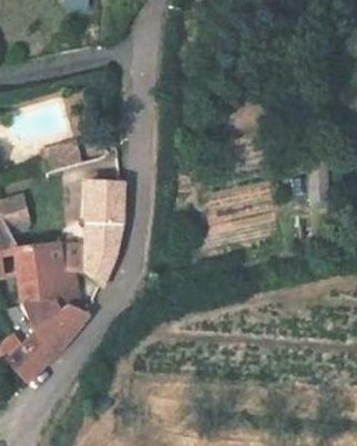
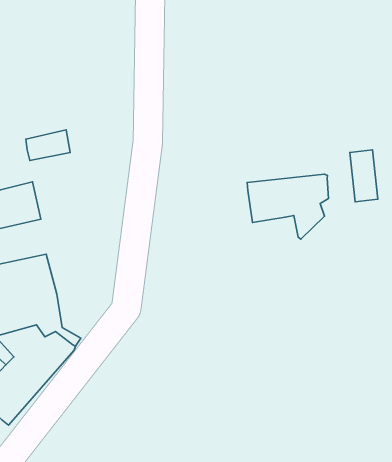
building: none -> [247,174,328,239]
building: [84,178,124,288] -> none

